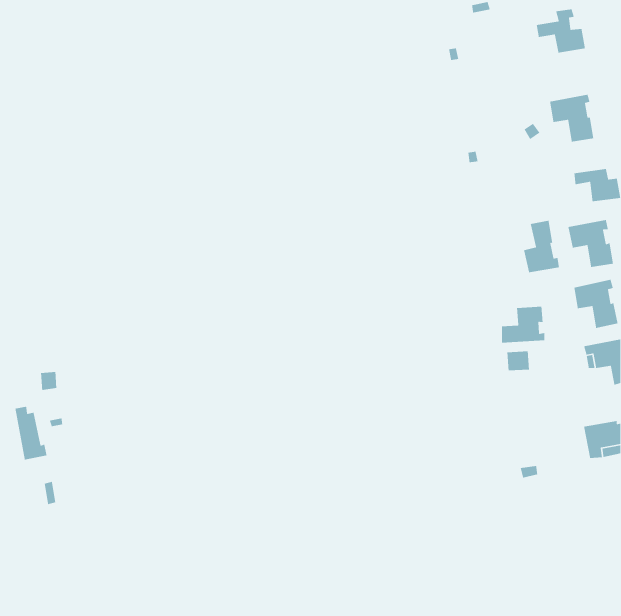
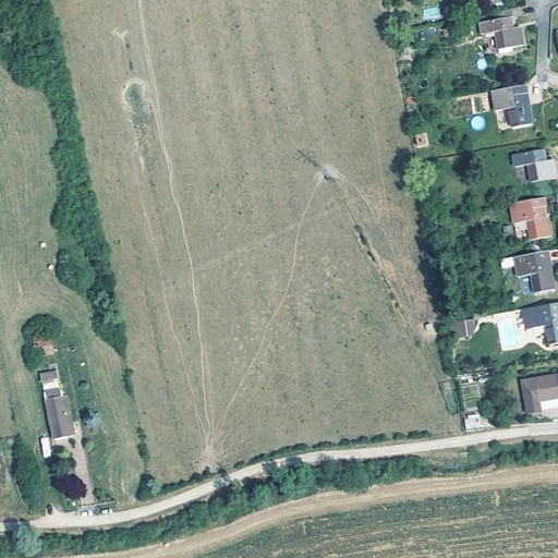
building: [523,220,560,273] -> none
building: [501,306,545,343] -> none
building: [15,406,47,461] -> [48,391,77,440]

